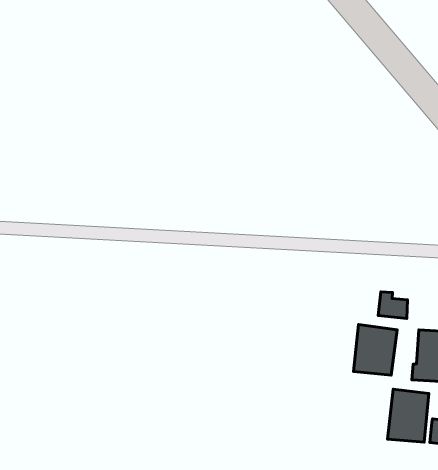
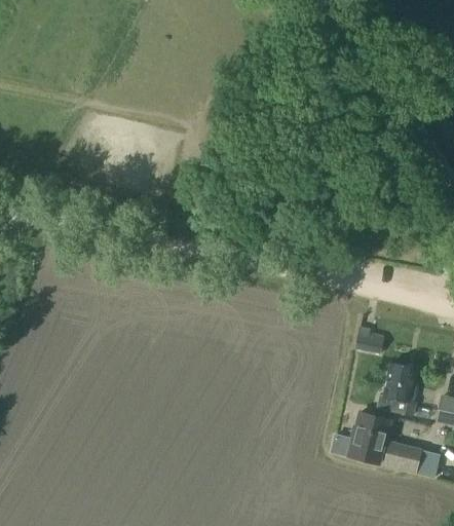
building: [354,324,397,375] -> none

